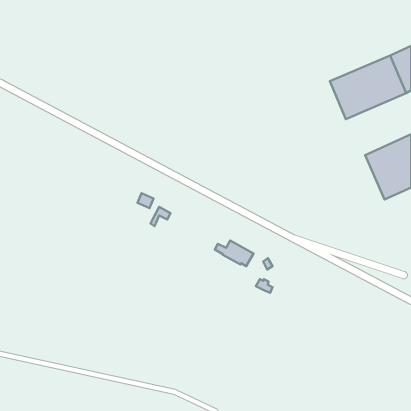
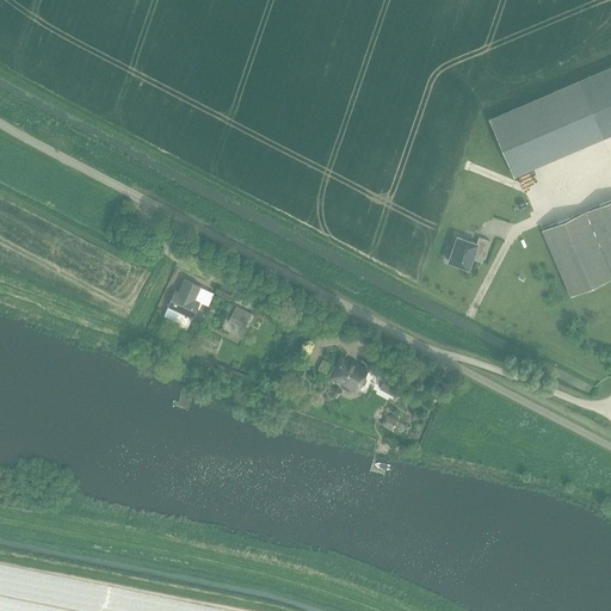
building: none -> [449,237,489,269]
building: none -> [163,279,199,320]

